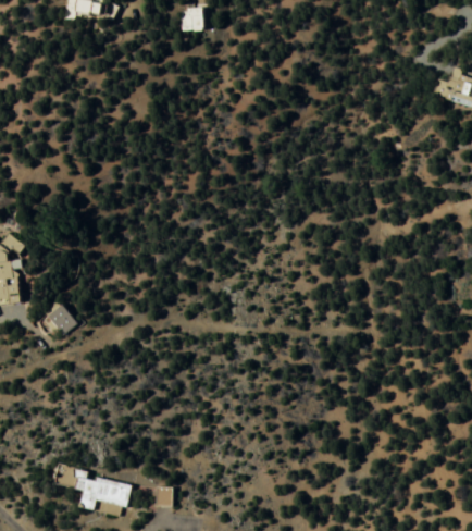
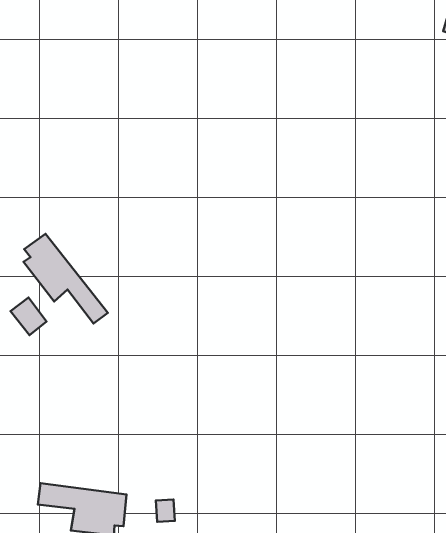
building: none -> [23,234,108,323]

